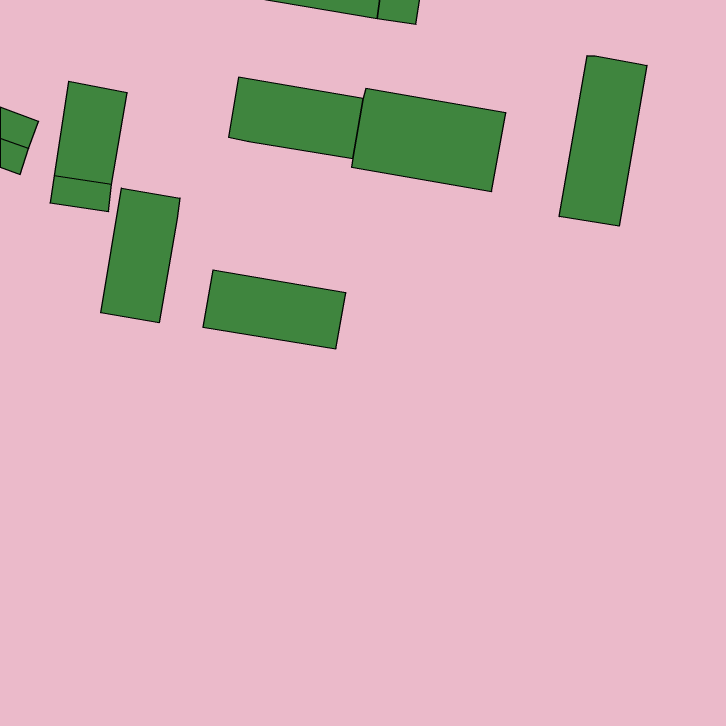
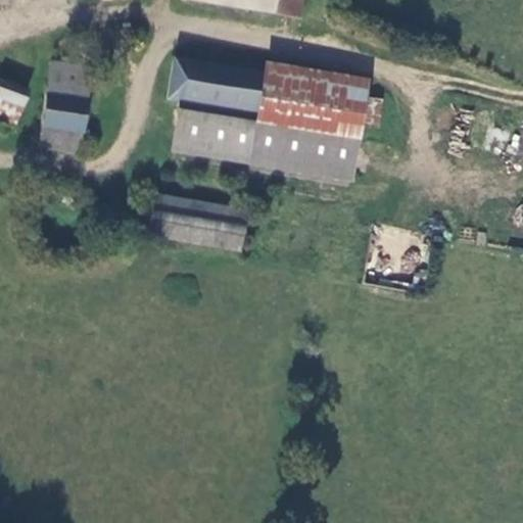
building: [559,56,647,226] -> none
building: none -> [173,101,358,178]
building: [101,188,180,323] -> none

